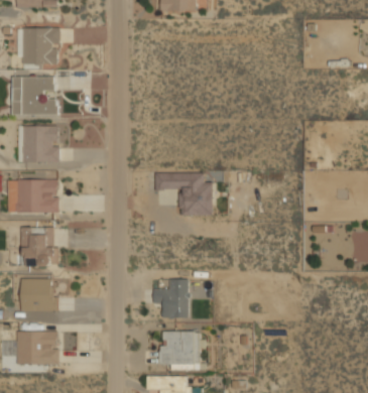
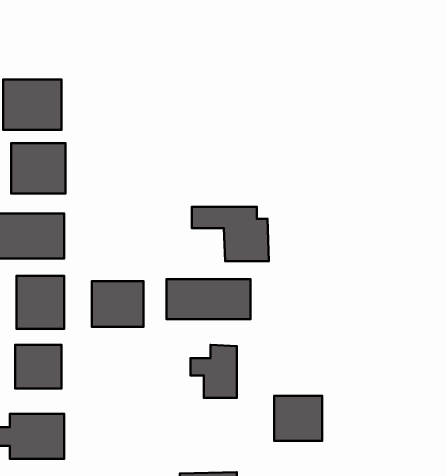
building: [22,27,58,63] -> none
building: none -> [167,279,251,319]
building: none -> [92,281,143,327]
building: [159,331,196,365] -> [274,396,322,441]

